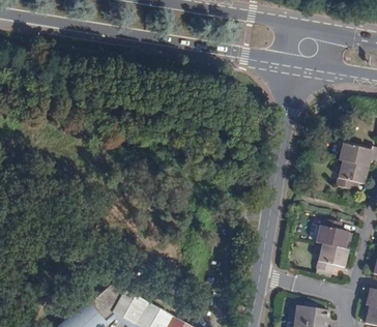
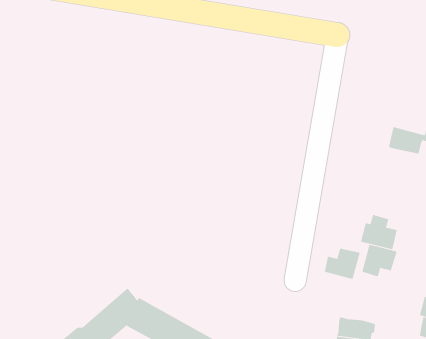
building: [336,160,366,188] -> none
building: none -> [324,248,360,280]

